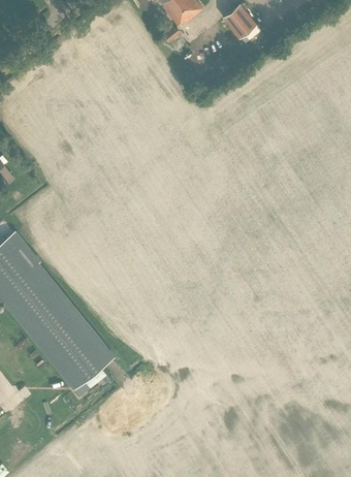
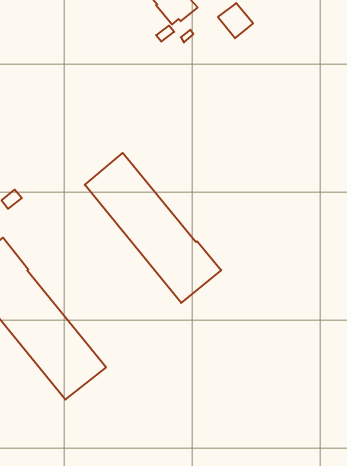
building: none -> [85,153,221,303]

